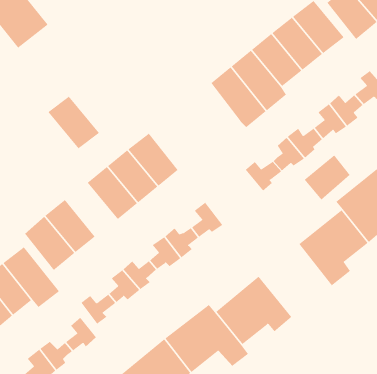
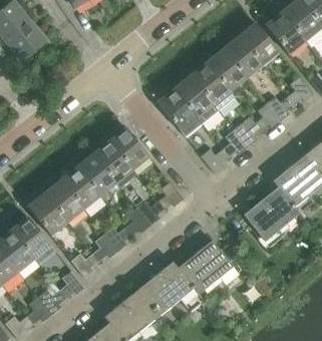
building: none -> [156,88,202,137]
building: [48,96,100,149] -> [59,166,100,209]
building: [304,154,351,200] -> none

